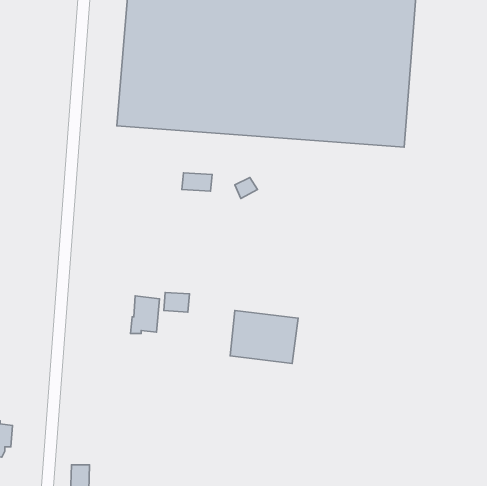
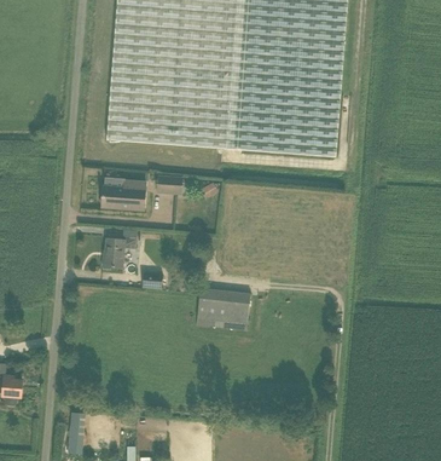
building: none -> [100,179,145,208]
building: [131,296,159,334] -> [101,237,124,267]

